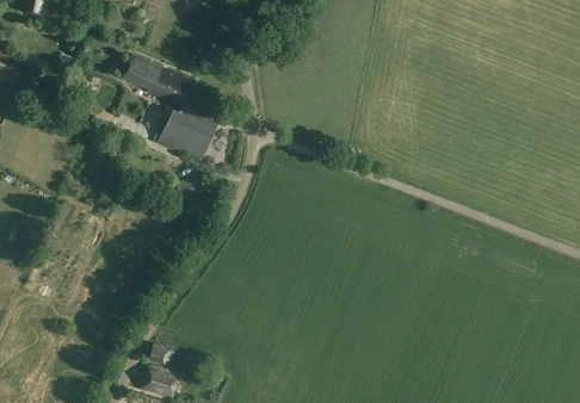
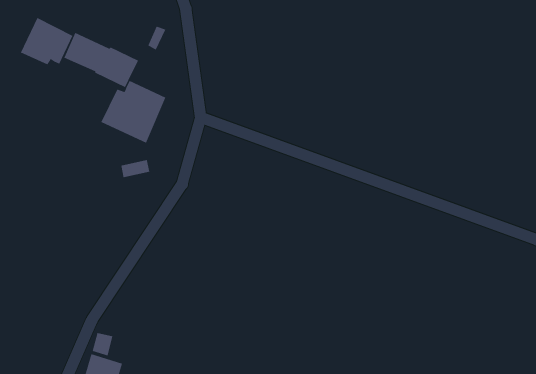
building: none -> [20,17,73,65]

